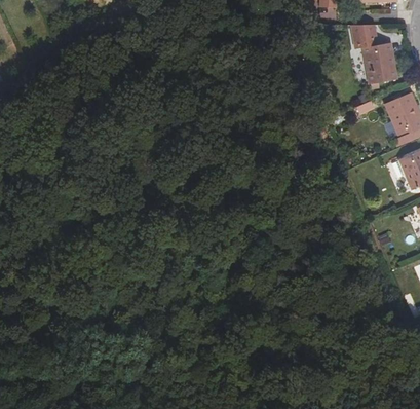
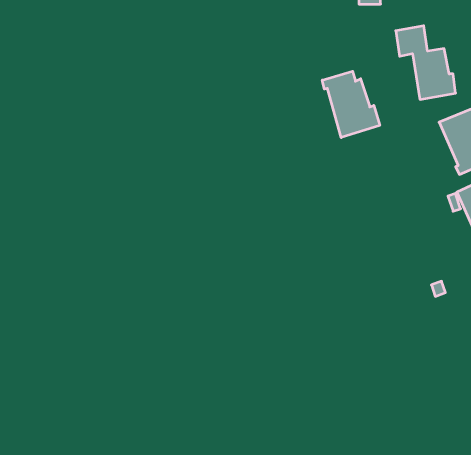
building: none -> [322,71,380,138]

